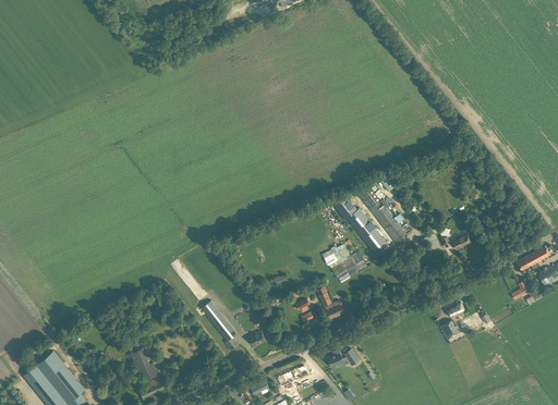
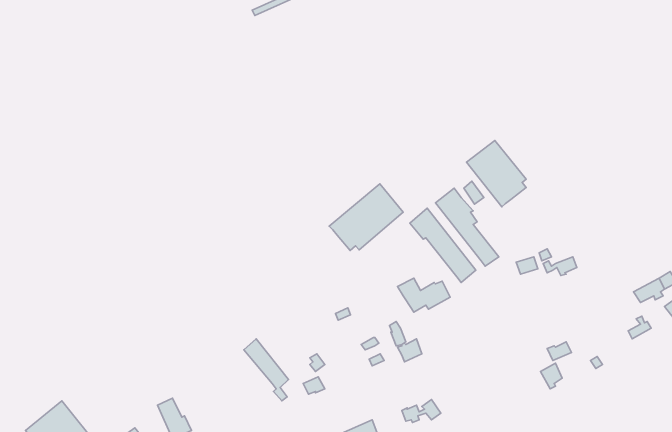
building: none -> [467,140,526,207]
building: none -> [329,184,403,251]

